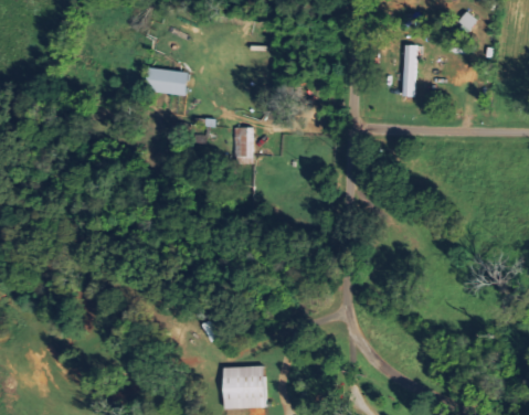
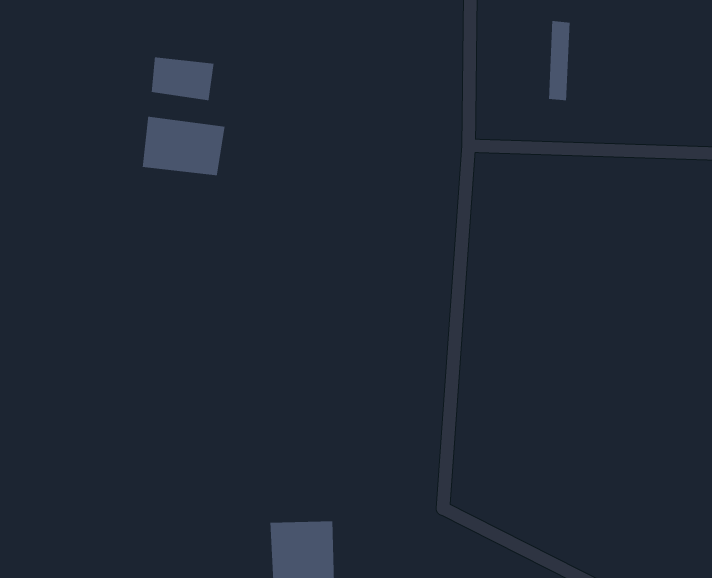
building: none -> [142,116,225,176]
building: [232,127,253,157] -> none

